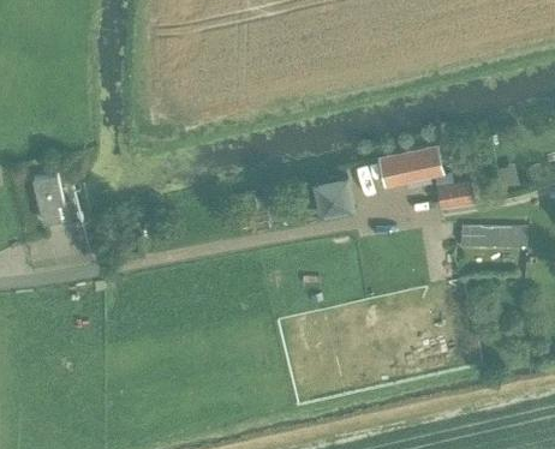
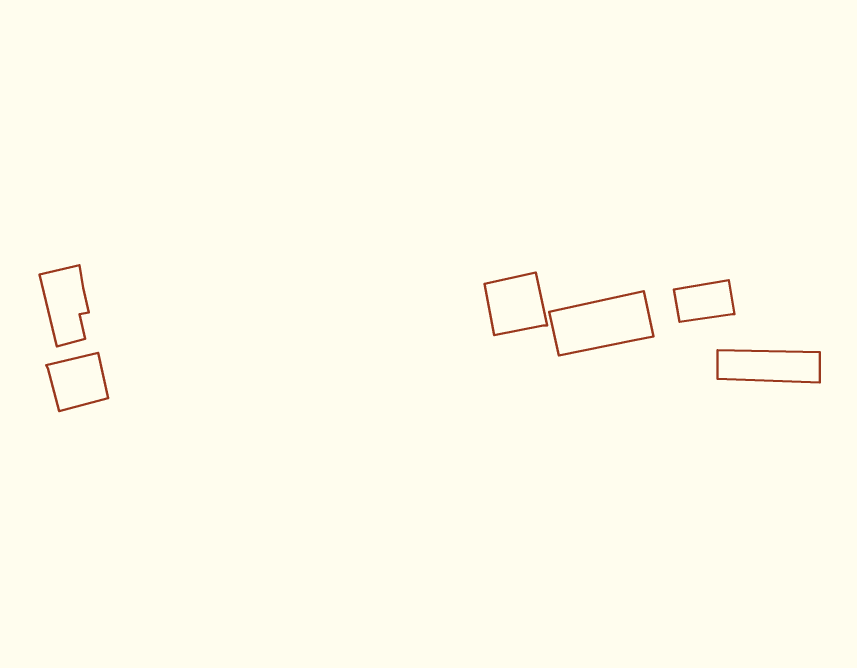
building: [377,146,443,187] -> [549,291,653,355]
building: none -> [46,353,108,411]

